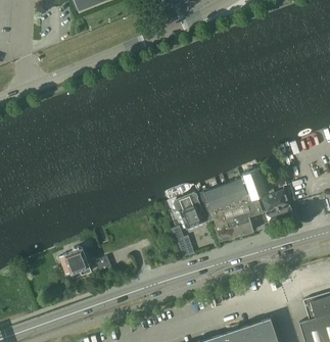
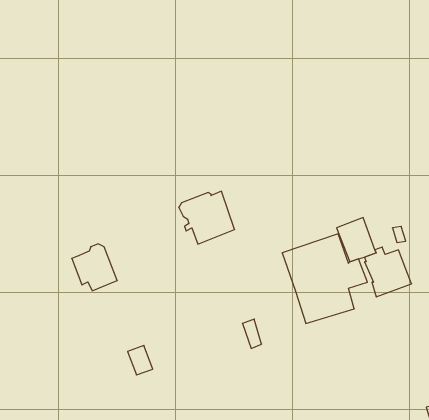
building: [174,192,213,229] -> [179,191,235,244]
building: [59,246,91,279] -> [72,244,117,291]

